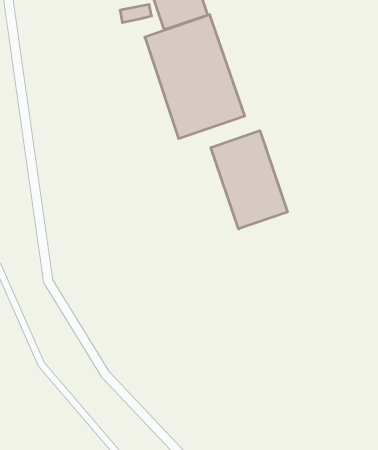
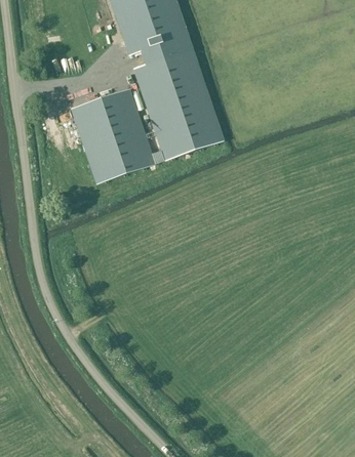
building: none -> [70,88,153,182]
building: [211,131,287,229] -> none

